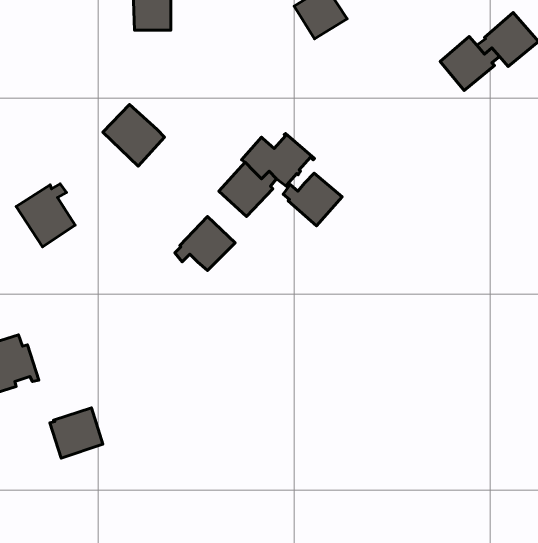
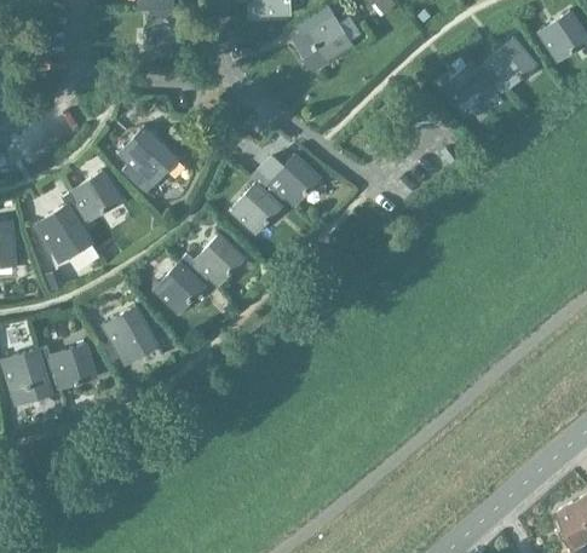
building: none -> [69,171,121,225]
building: [283,173,342,226] -> none
building: none -> [152,261,208,313]
building: none -> [102,306,157,365]
building: [50,408,103,458] -> [45,342,96,391]

